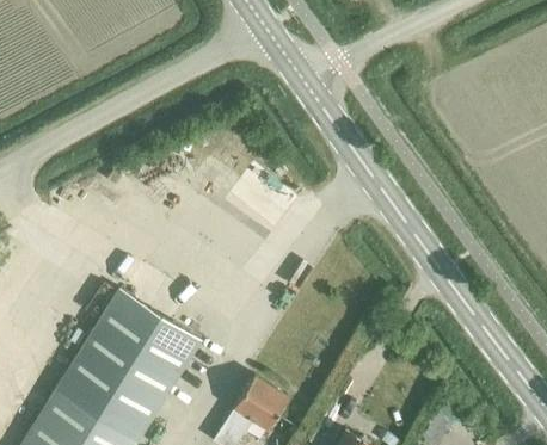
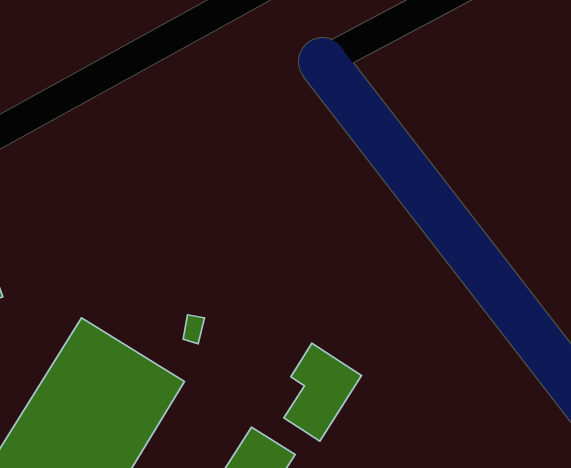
building: none -> [284,343,362,441]

